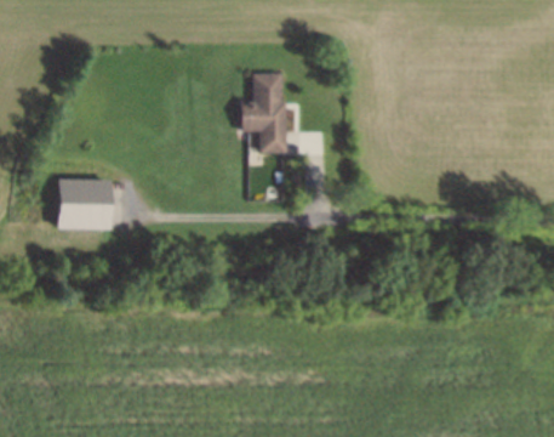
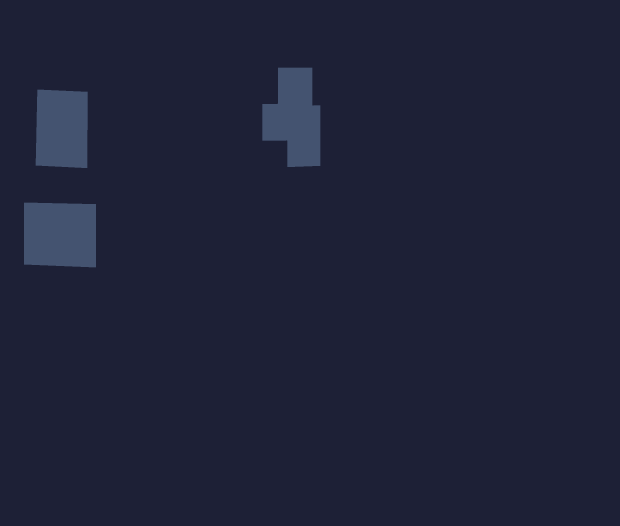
building: none -> [35,89,88,169]

